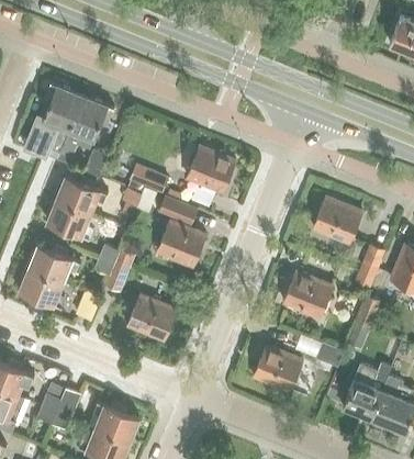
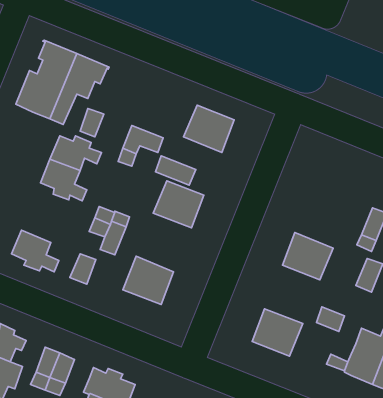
building: [312,198,360,244] -> none
building: [27,245,78,281] -> none

